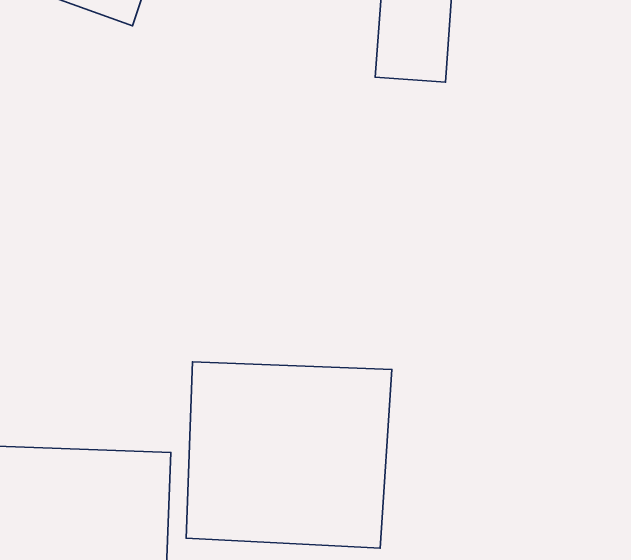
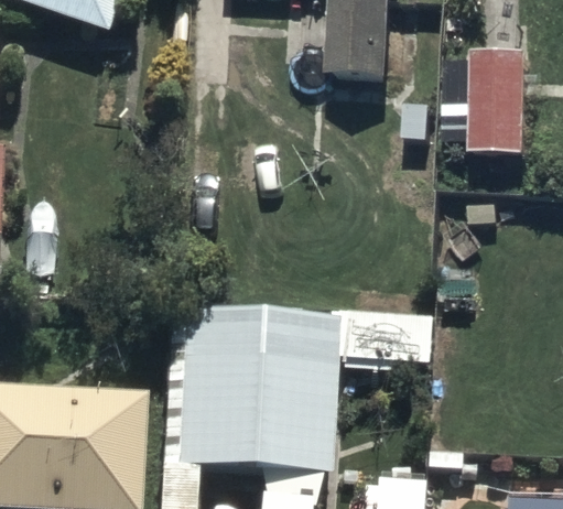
building: none -> [448,51,530,155]

